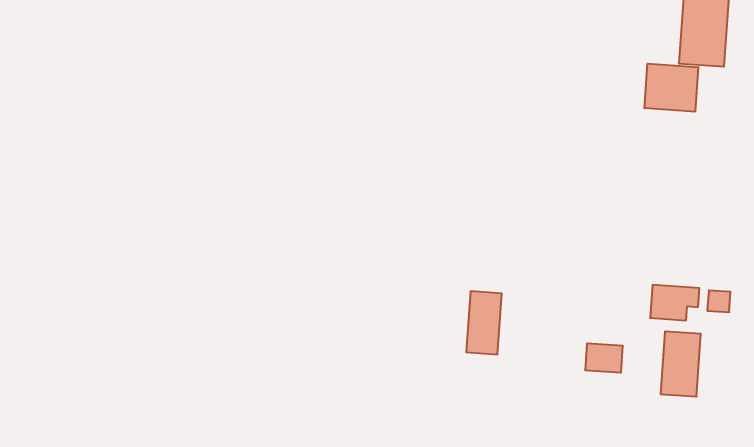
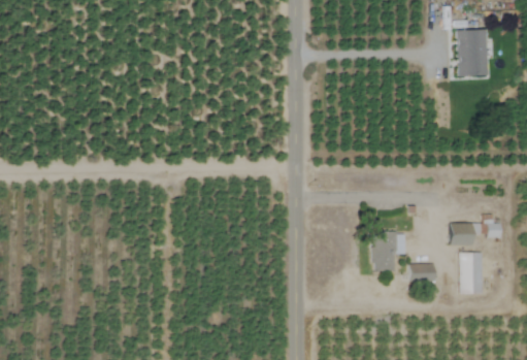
building: [644,64,698,112] -> none
building: [466,291,502,354] -> [375,230,396,270]

